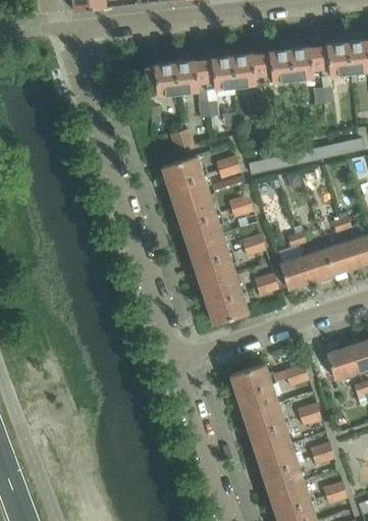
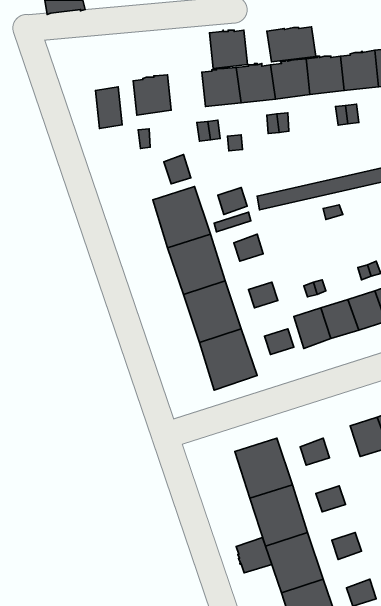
building: none -> [267,27,316,62]
building: [174,60,206,92] -> [210,30,248,68]
building: none -> [95,87,122,129]
building: none -> [236,538,272,573]

